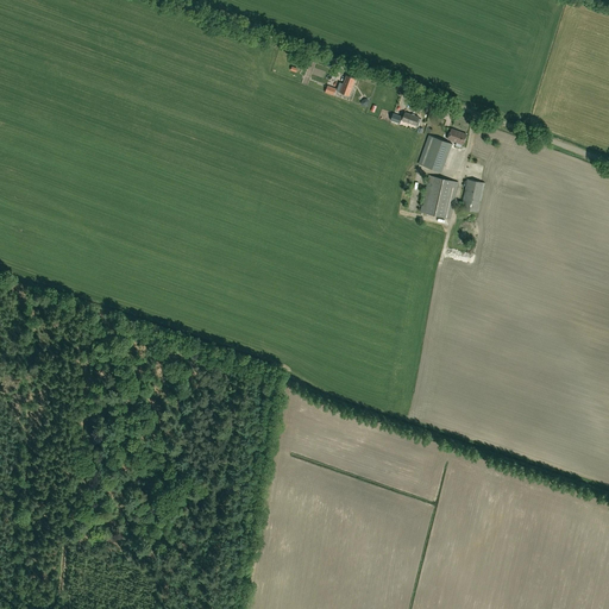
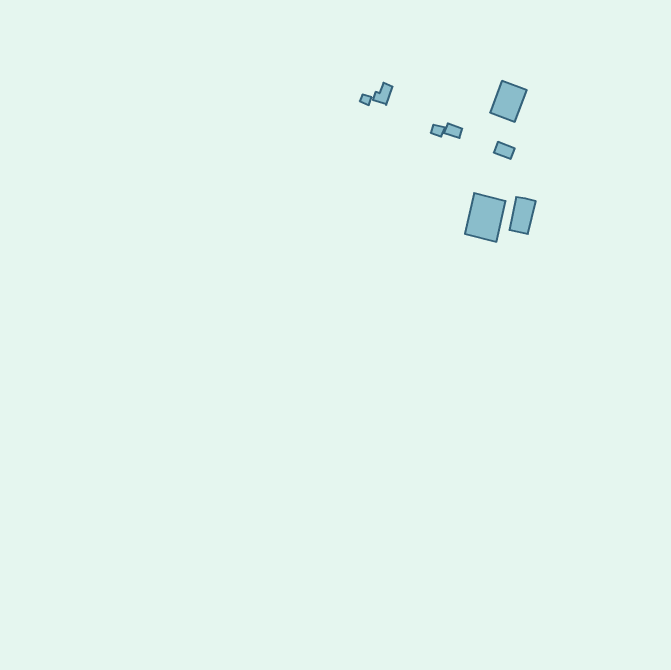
building: [419,136,452,172] -> [490,81,527,122]

